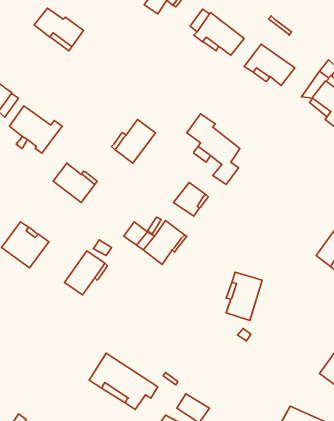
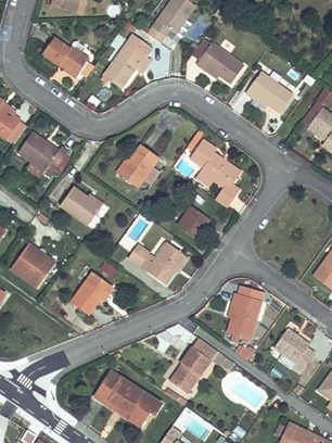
building: none -> [102,34,154,89]
building: none -> [273,328,315,372]
building: none -> [169,338,216,393]

